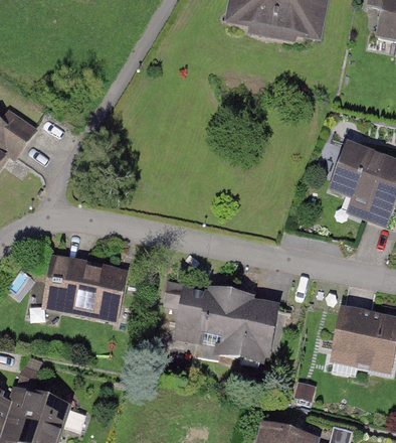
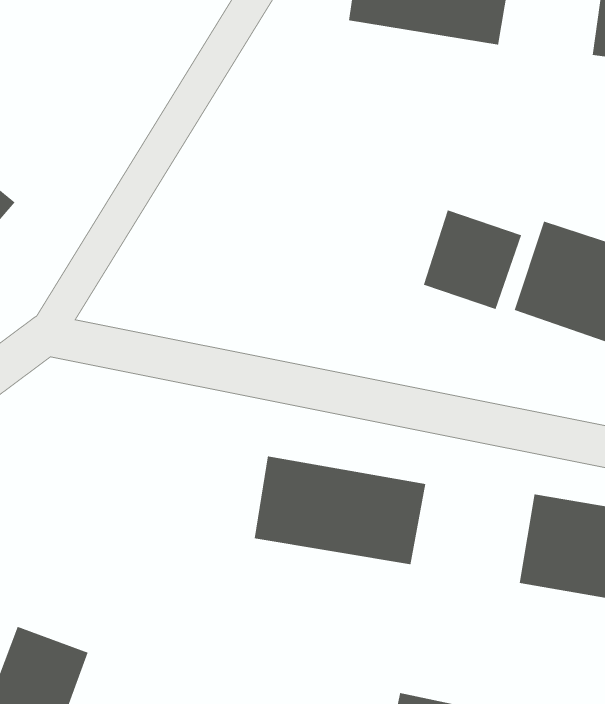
building: none -> [423,209,522,310]
building: [40,254,131,324] -> none

